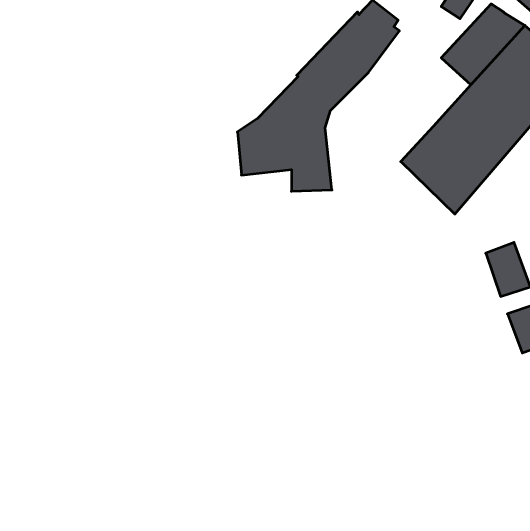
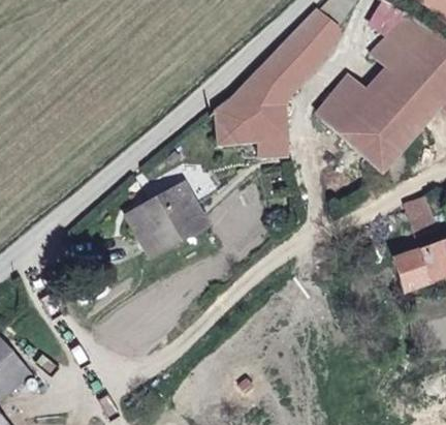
building: none -> [318,84,365,132]
building: none -> [128,183,206,255]
building: none -> [394,249,434,291]

